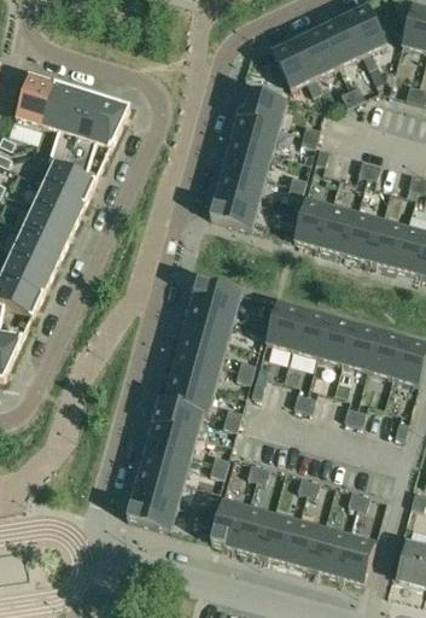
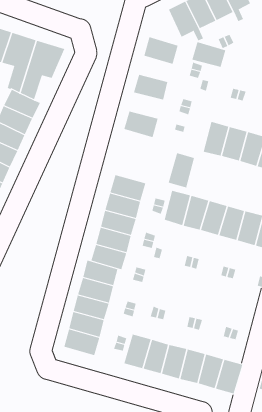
building: [230,113,279,150] -> [191,41,226,68]
building: [217,164,265,200] -> none
building: [293,197,331,246] -> [168,152,195,188]

